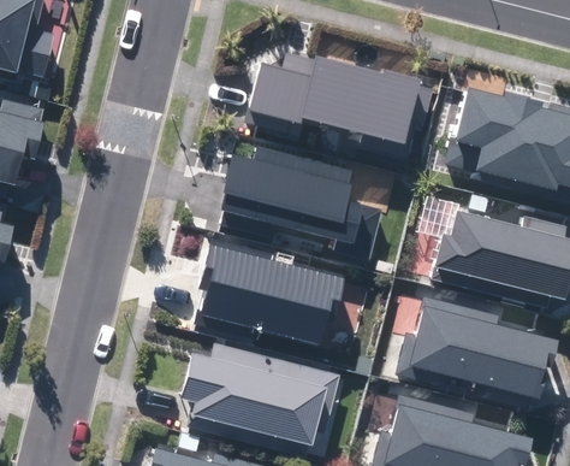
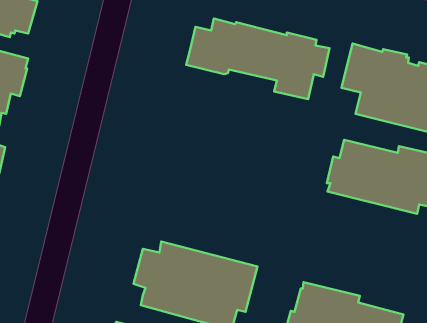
building: [219,148,384,259] -> none
building: [198,240,343,342] -> none
building: [397,295,554,407] -> none

